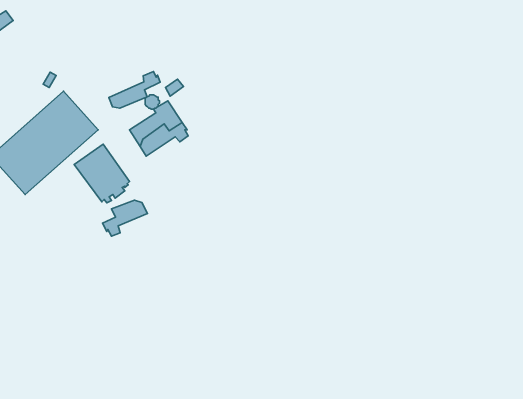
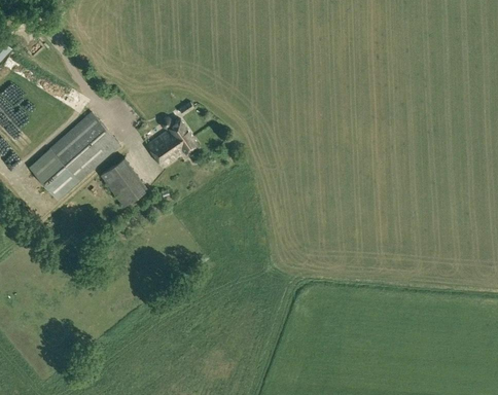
building: [109,71,160,108] -> none
building: [102,200,148,236] -> none

